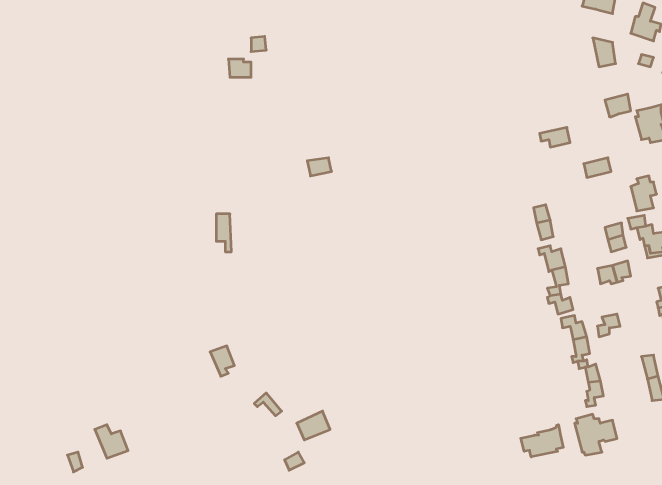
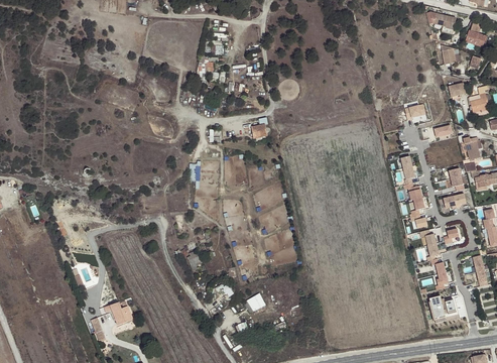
building: [521,425,563,457] -> none

